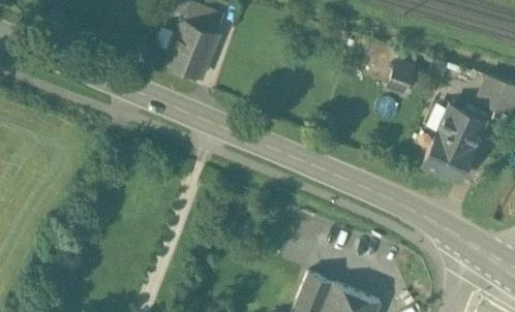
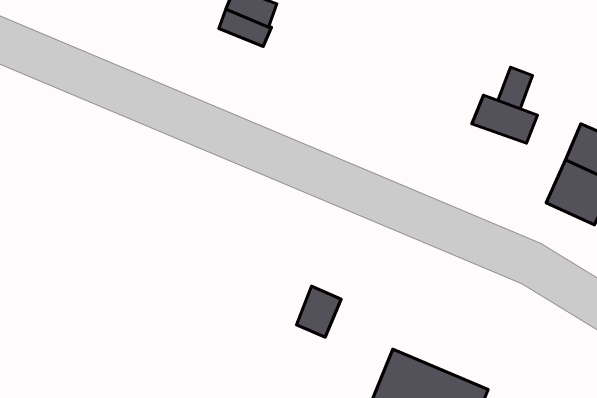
building: [166,34,212,77] -> none
building: none -> [472,95,537,143]
building: none -> [296,286,341,337]

